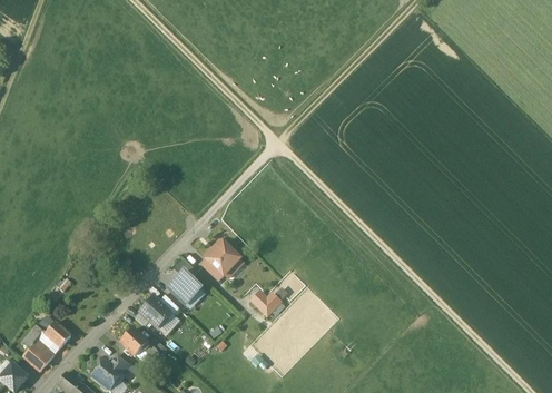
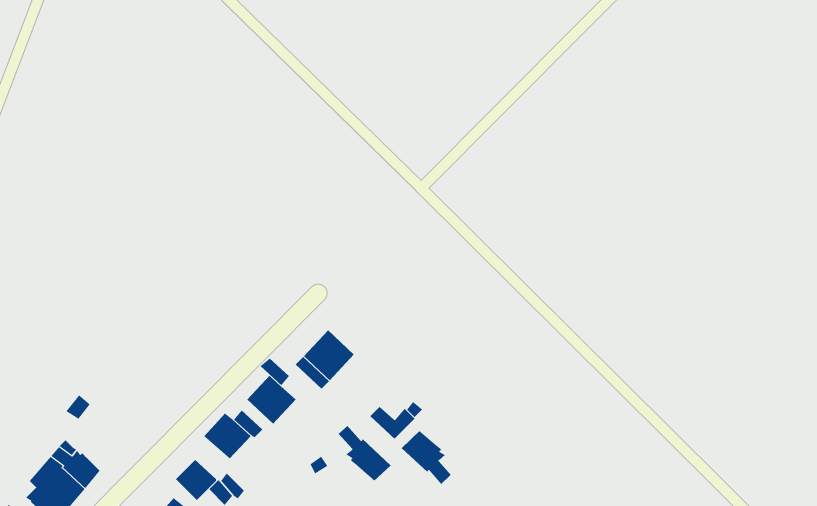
building: none -> [338,425,392,481]
building: none -> [401,430,451,485]

